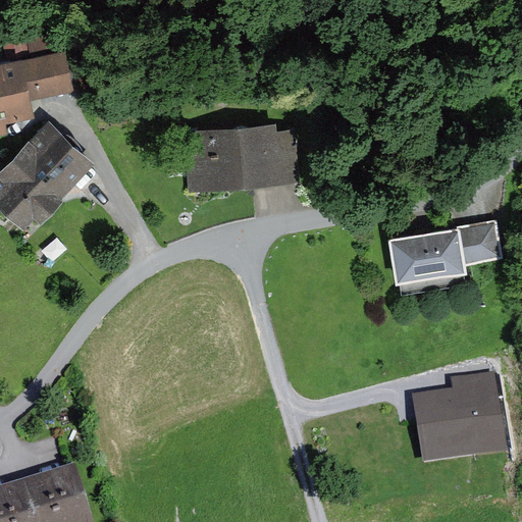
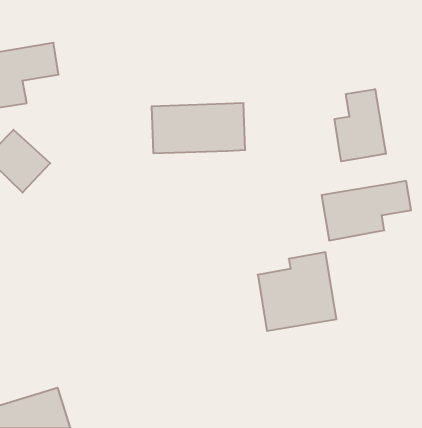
building: none -> [335,89,386,161]
building: [16,120,96,199] -> none
building: [411,372,507,468] -> [258,252,336,331]

